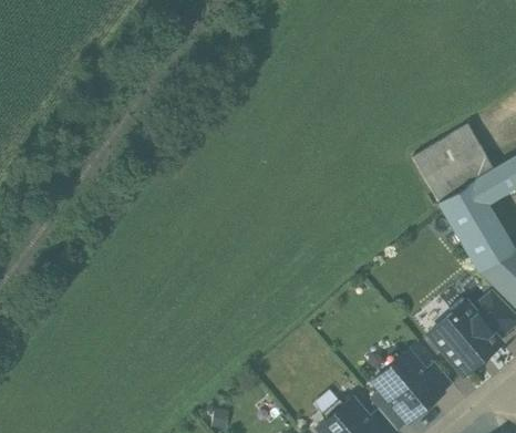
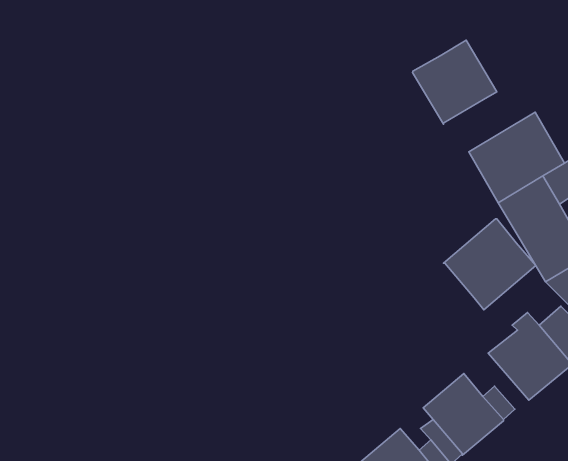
building: none -> [413,40,497,124]
building: none -> [444,219,536,310]

